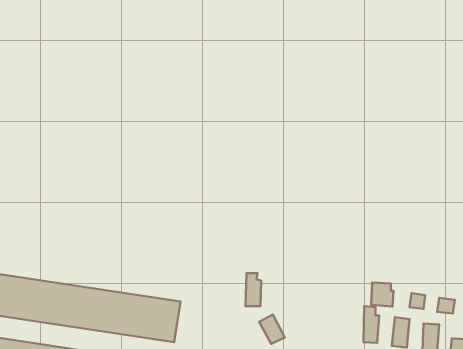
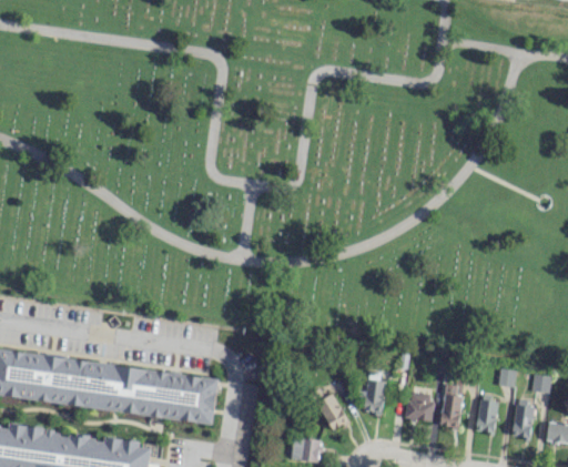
building: [246,273,261,306] -> [365,373,384,413]
building: [371,283,393,307] -> [406,393,433,422]

